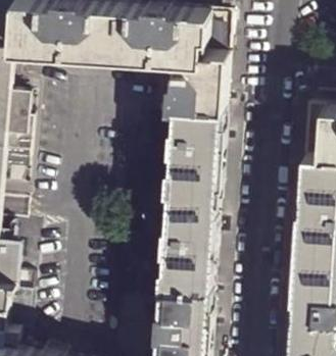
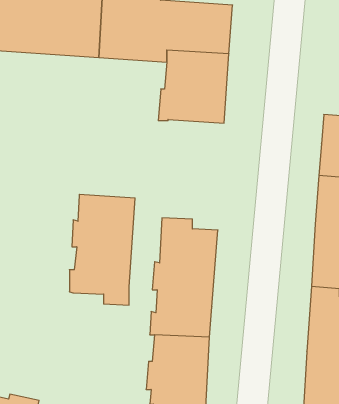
building: [166,107,222,200] -> [69,194,135,305]

